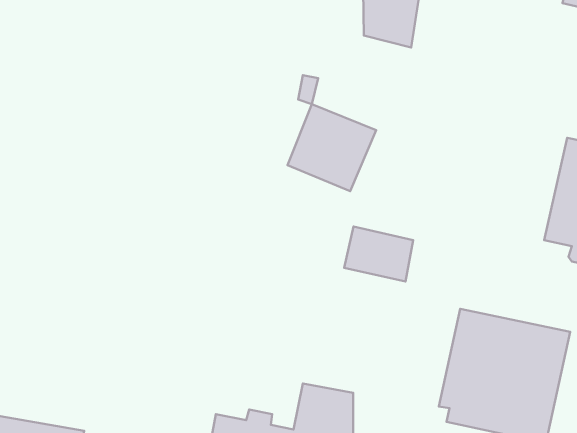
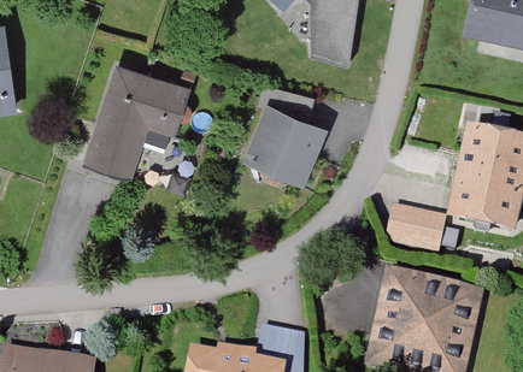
building: none -> [84,67,195,181]
building: [344,226,413,281] -> [388,206,442,249]

